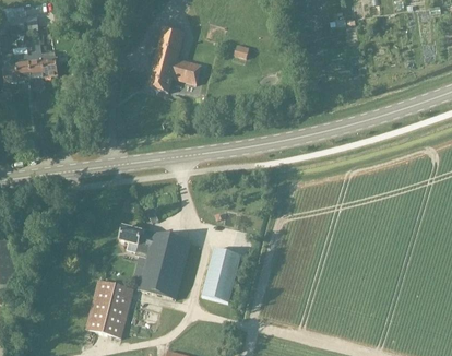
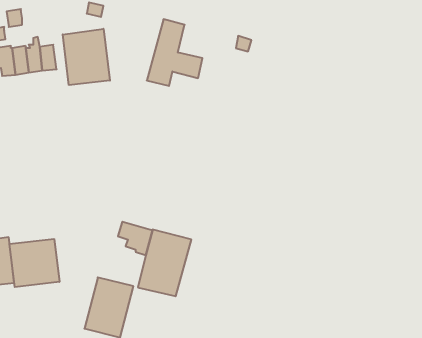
building: none -> [63,29,110,85]
building: none -> [10,239,59,287]
building: [201,248,240,302] -> none

